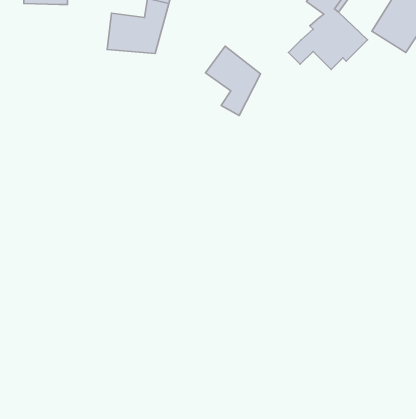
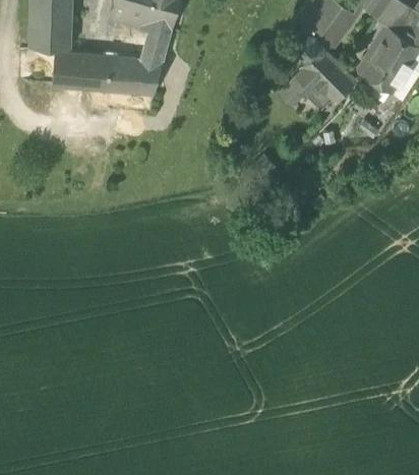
building: none -> [51,51,112,90]
building: [206,46,260,115] -> none

